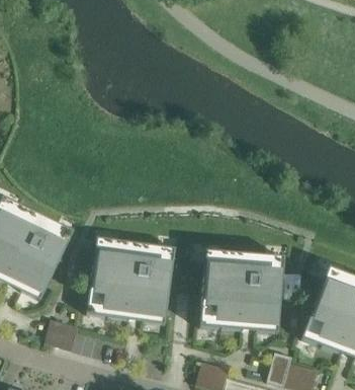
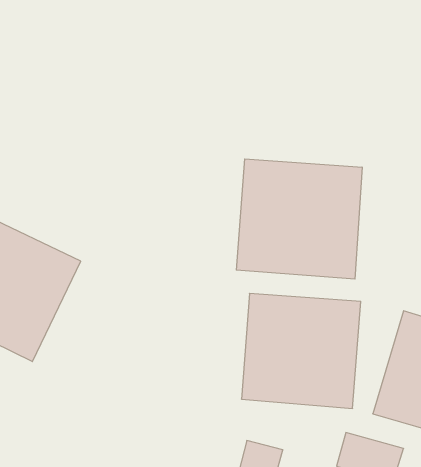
building: none -> [236,159,362,279]
building: [83,232,180,330] -> none
building: [45,319,79,349] -> none

